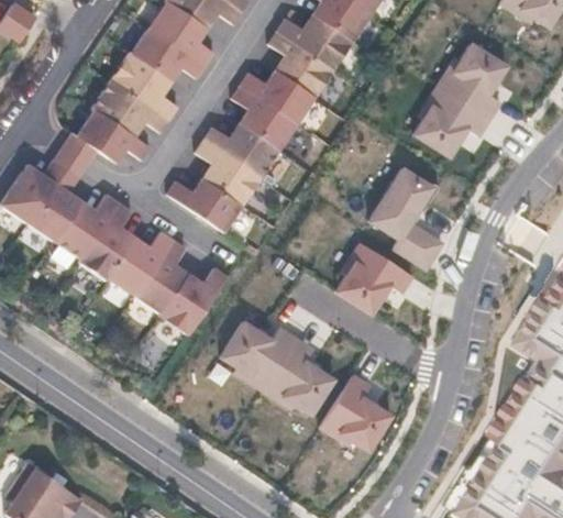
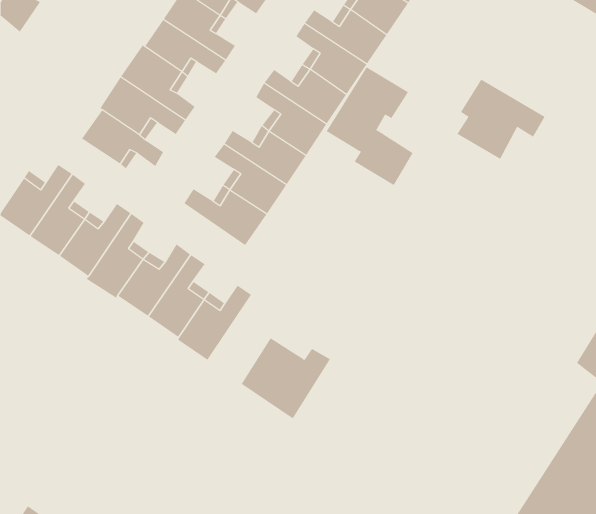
building: [435,41,510,117] -> none
building: [54,134,97,177] -> none
building: [365,162,444,269] -> [326,66,414,186]
building: [335,239,415,315] -> none
building: [266,335,339,419] -> none
building: [322,370,398,458] -> none

